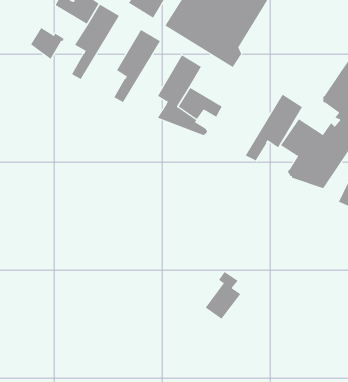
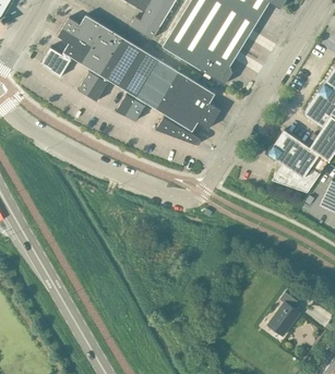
building: none -> [58,26,93,62]
building: none -> [87,36,141,100]
building: none -> [186,82,220,118]
building: [245,94,303,161] -> [125,59,178,120]
building: [205,271,241,320] -> [267,291,300,335]

